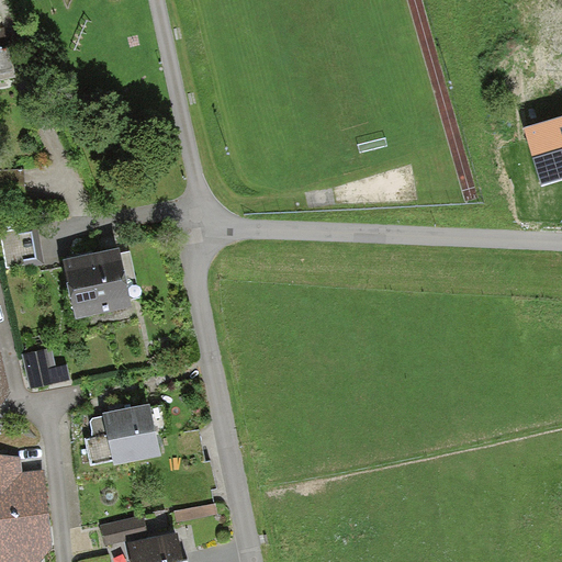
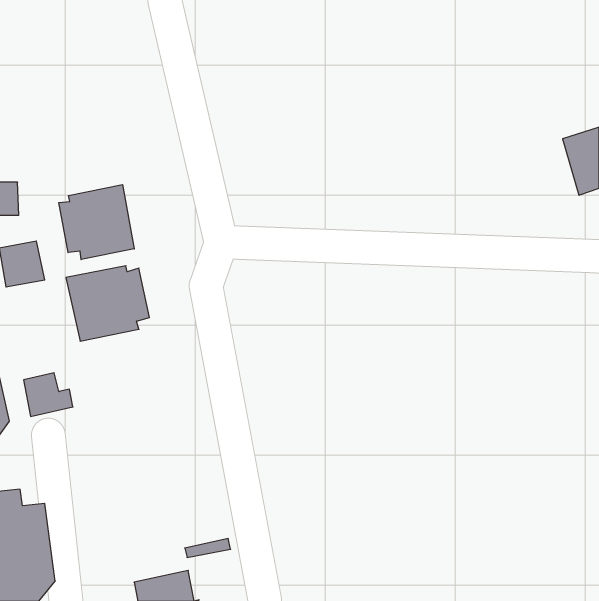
building: none -> [59,185,134,260]
building: [83,404,157,464] -> none
building: [98,515,146,547] -> none

